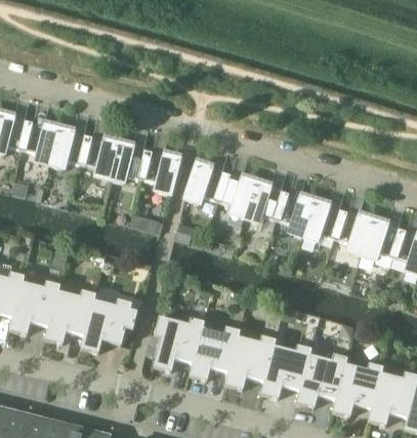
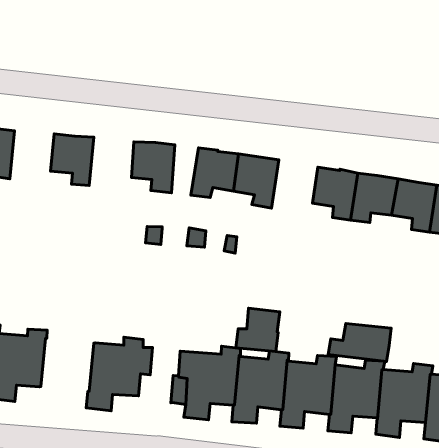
building: [49,128,88,167] -> none
building: [109,143,148,182] -> none
building: [244,182,284,222] -> none
building: [44,288,95,343] -> none
building: none -> [236,308,280,351]
building: none -> [328,324,391,361]

